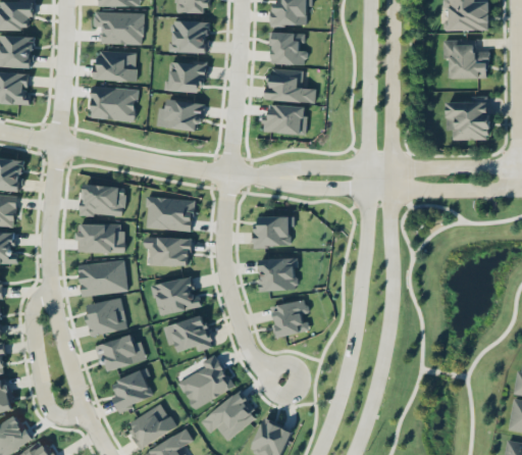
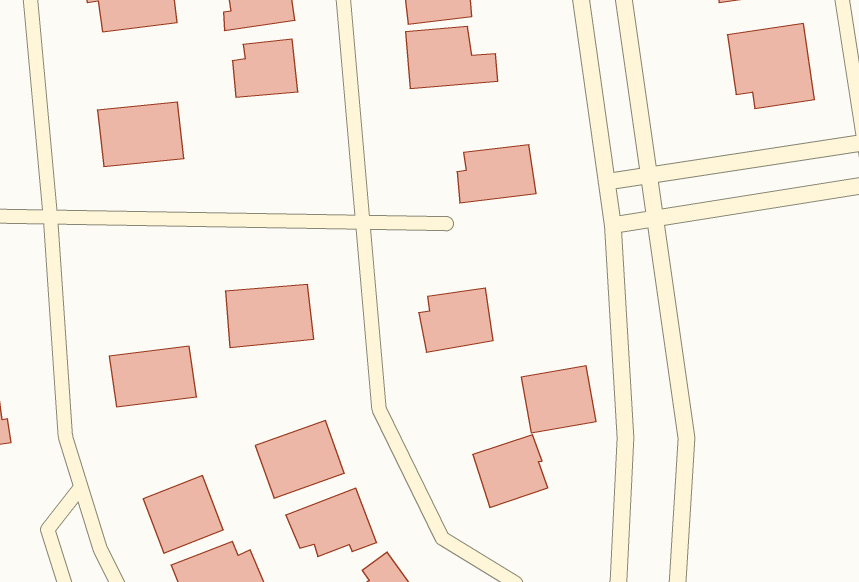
building: [93,51,137,81] -> none
building: [157,100,203,131] -> none
building: [263,105,306,134] -> [457,145,536,203]
building: [81,185,125,216] -> none
building: [146,238,191,266] -> none
building: [259,258,297,291] -> [521,366,596,433]
building: [79,260,127,296] -> none

